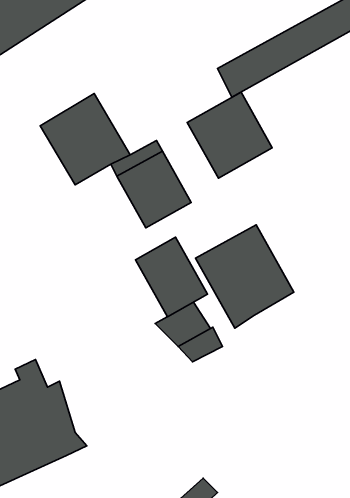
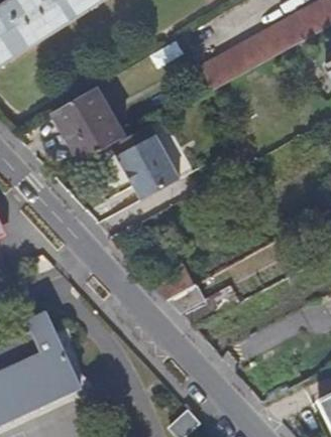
building: [187,92,272,178] -> none
building: [196,225,294,328] -> none
building: [135,237,207,317] -> none

